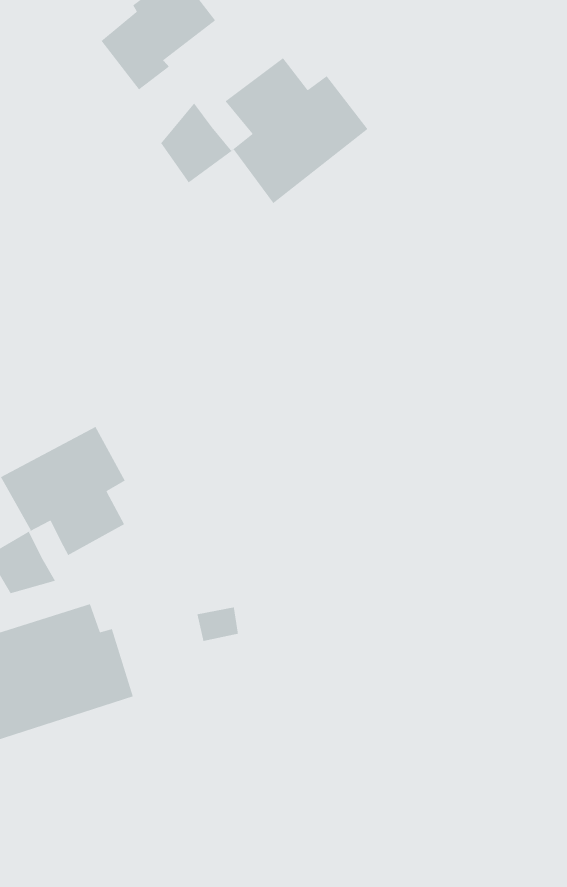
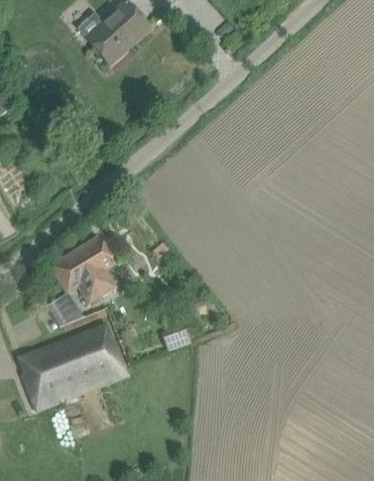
building: [160,57,369,204] -> none

